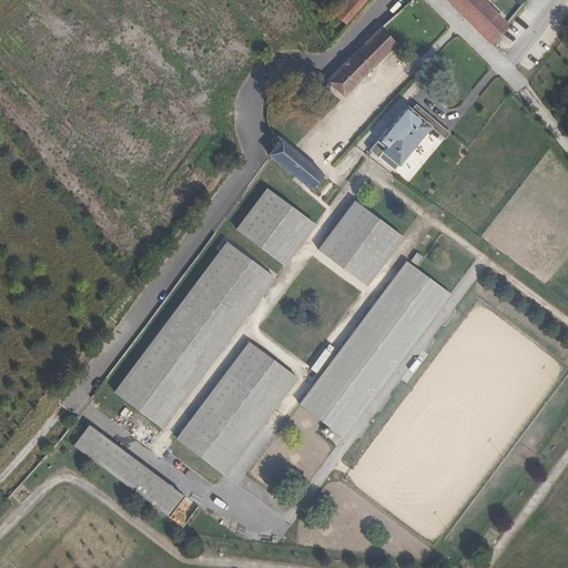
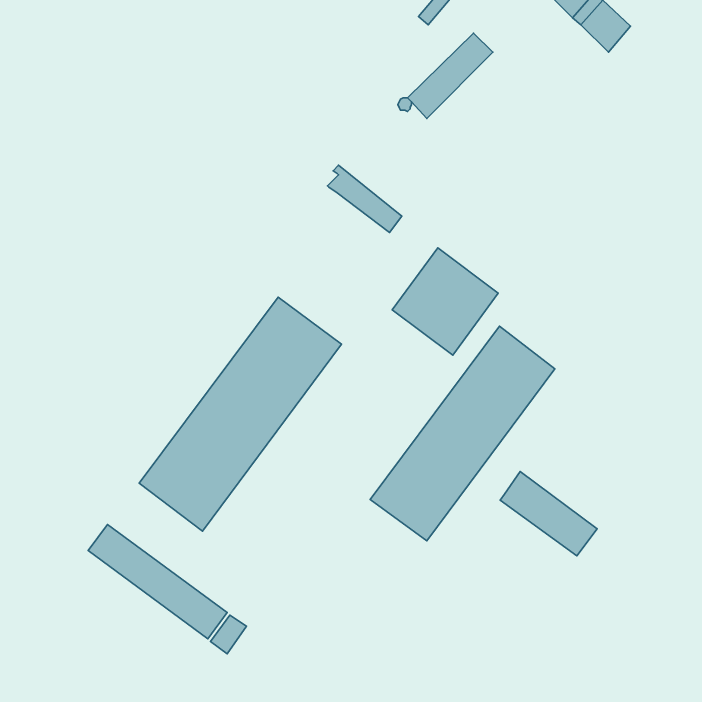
building: [372,103,436,169] -> none
building: [235,187,315,264] -> none
building: [176,344,296,474] -> none
building: none -> [500,472,597,556]

